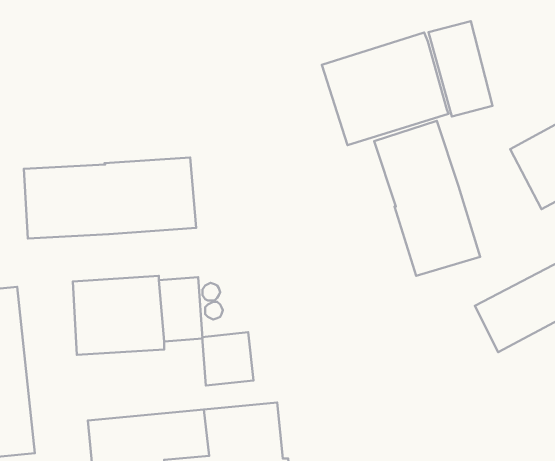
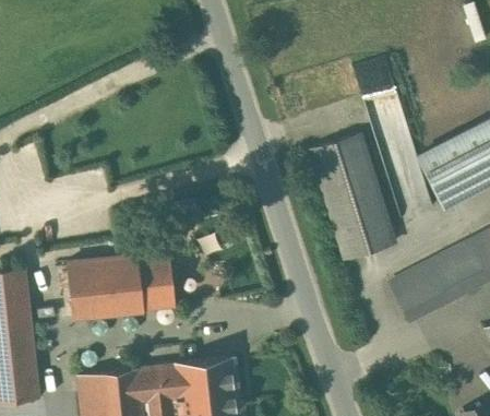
building: [322,33,449,145] -> none
building: [24,157,196,238] -> none
building: [202,332,253,385] -> none

